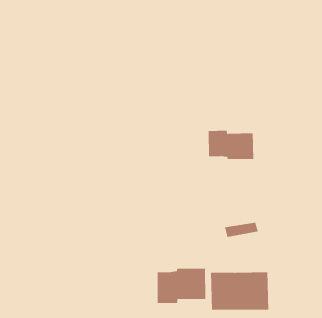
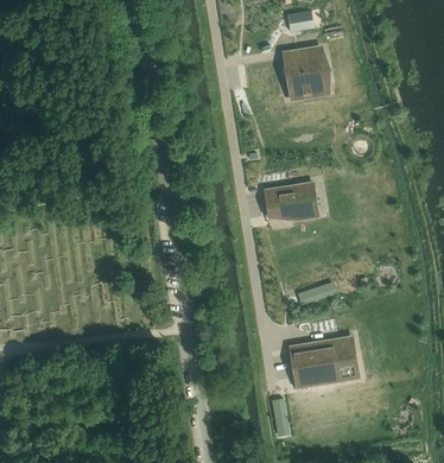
building: none -> [283,50,325,94]
building: [157,268,206,304] -> none

